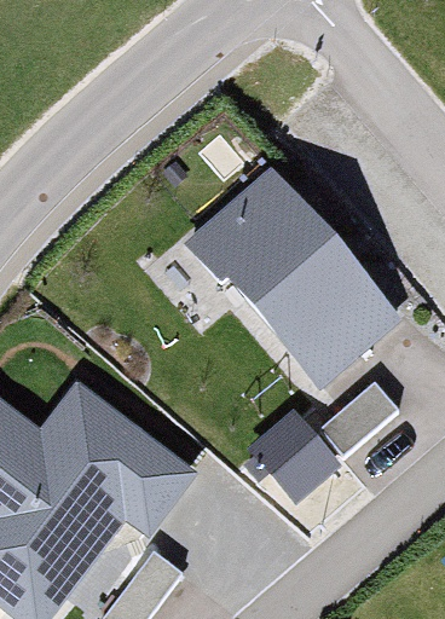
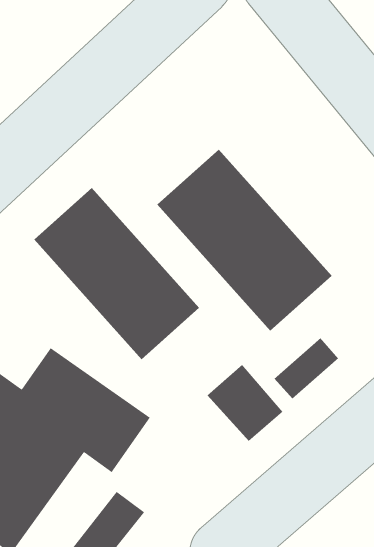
building: none -> [33,187,200,360]

